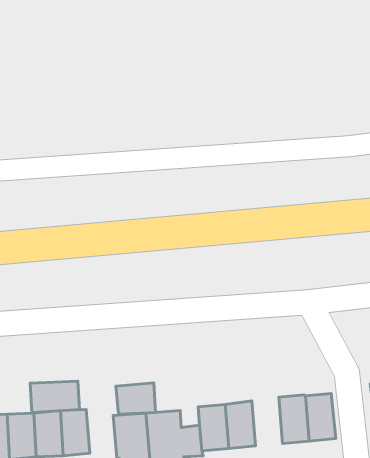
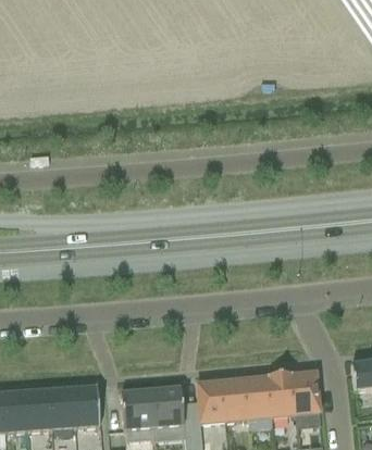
building: [30,381,79,412] -> none
building: [116,383,156,414] -> none
building: none -> [245,375,272,418]

